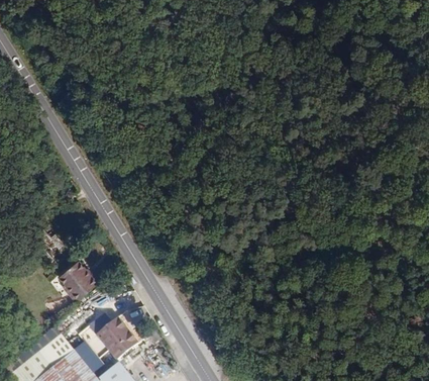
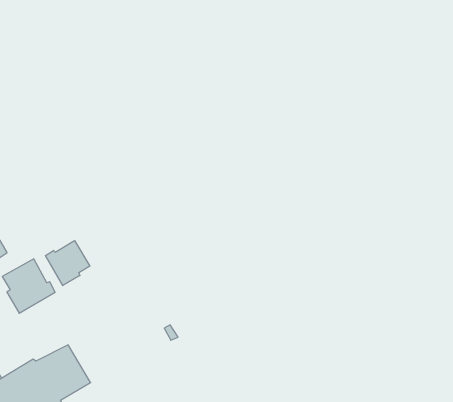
building: none -> [45,241,90,286]

